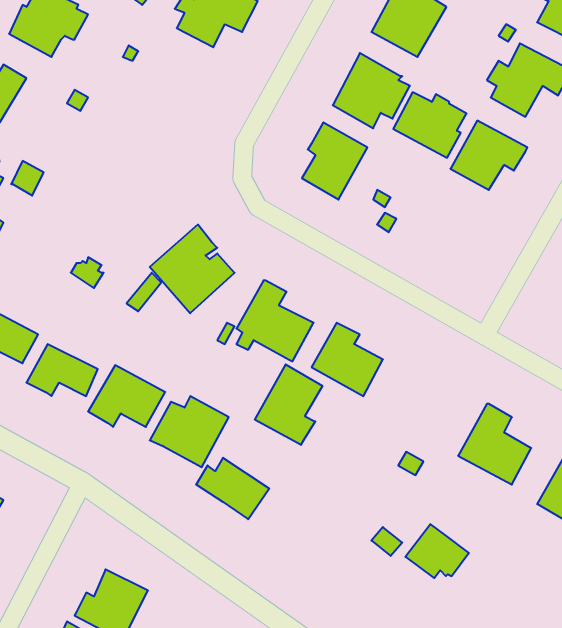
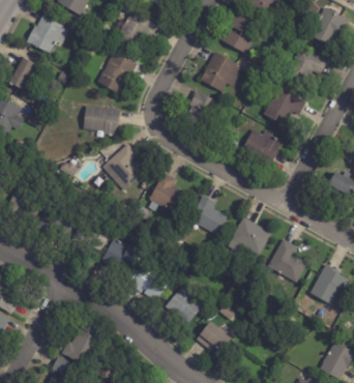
building: none -> [96,51,137,94]
building: [393,92,467,158] -> [241,128,281,164]
building: none -> [83,105,119,136]
building: none -> [227,216,270,255]
building: [255,364,322,445] -> none
building: none -> [164,287,203,323]
building: [405,524,469,578] -> [196,322,230,351]

